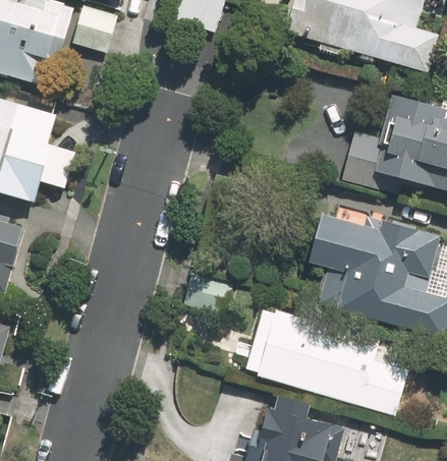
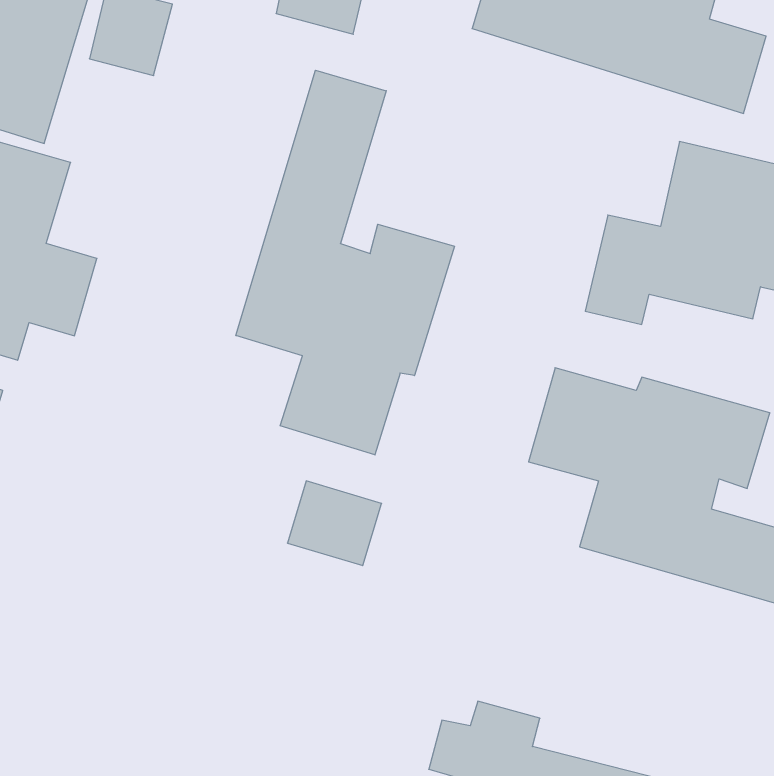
building: none -> [236,70,454,455]
building: [246,308,412,415] -> none

